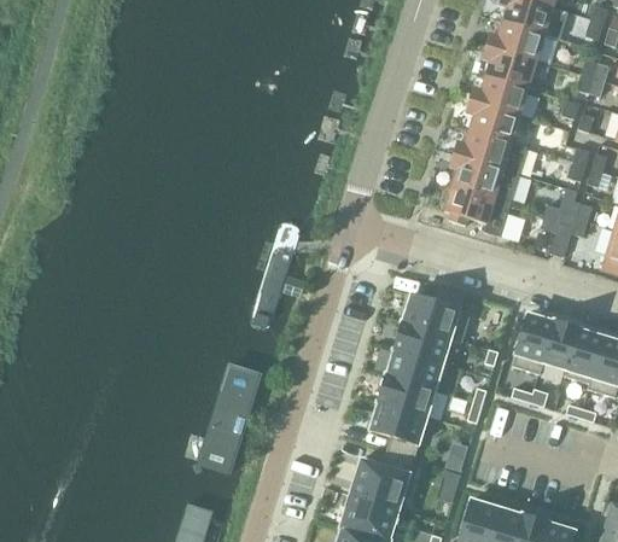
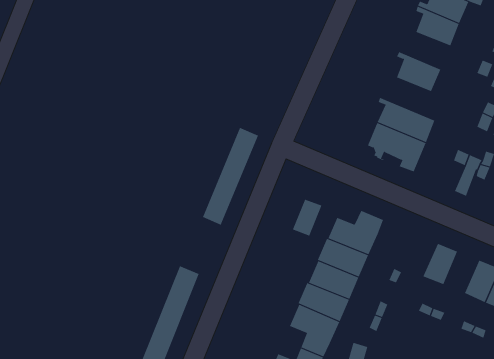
building: [466,75,525,115] -> none
building: [449,129,524,174] -> none
building: none -> [292,199,322,236]
building: [544,321,582,368] -> none

